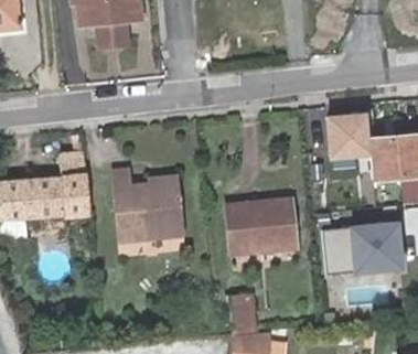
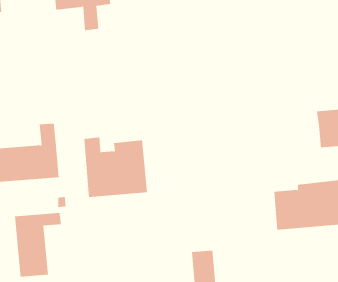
building: [330,115,373,159] -> none
building: [227,195,296,248] -> none
building: none -> [14,212,61,277]

